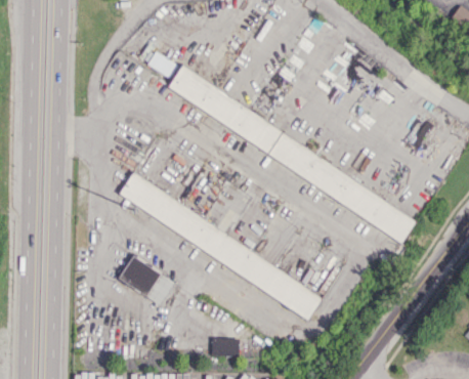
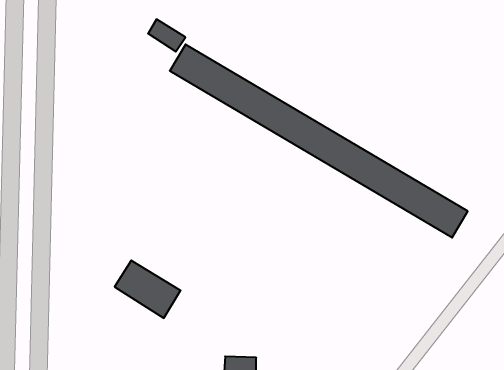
building: [118,174,323,318] -> none

